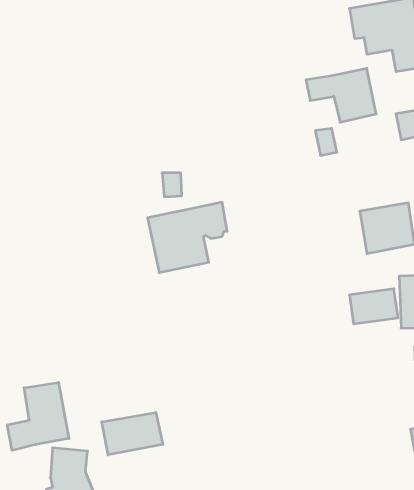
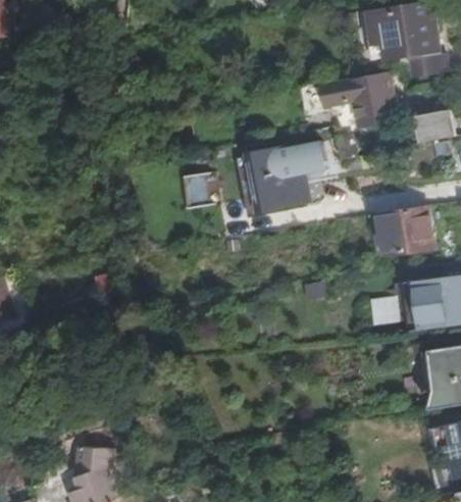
building: [148,202,227,273] -> [247,142,325,211]
building: [7,382,69,450] -> none
building: [102,412,163,455] -> none

